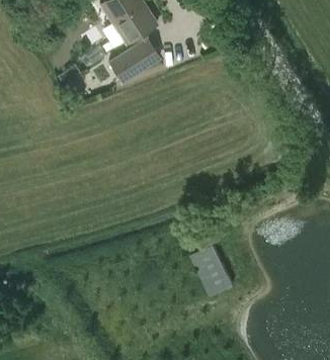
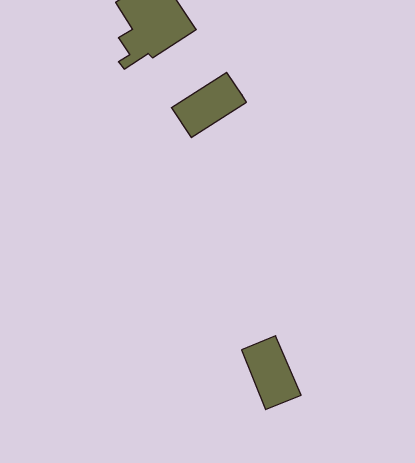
building: [106,36,160,83] -> [171,72,246,138]

